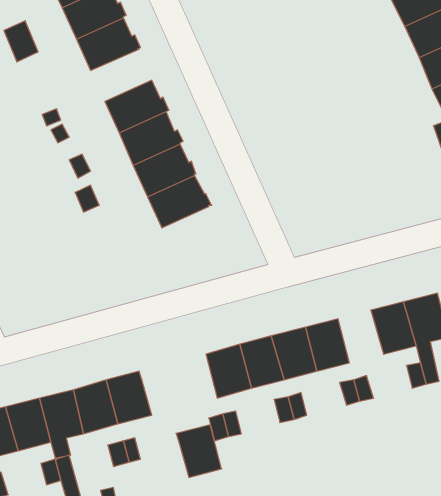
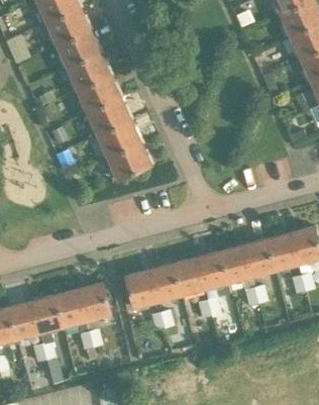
building: none -> [67,54,112,91]
building: none -> [242,239,275,277]
building: [176,425,222,477] -> [124,271,156,308]

